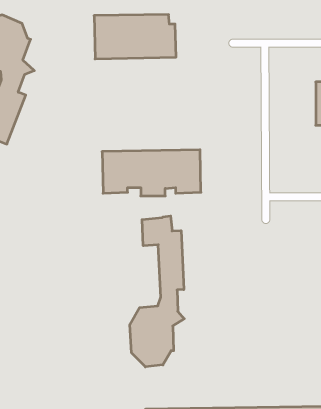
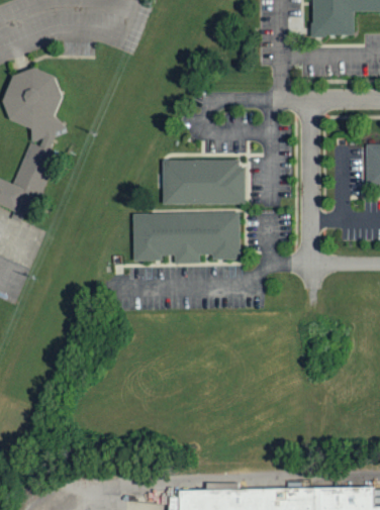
building: [94,15,176,59] -> [162,158,250,205]
building: [130,216,184,367] -> none

